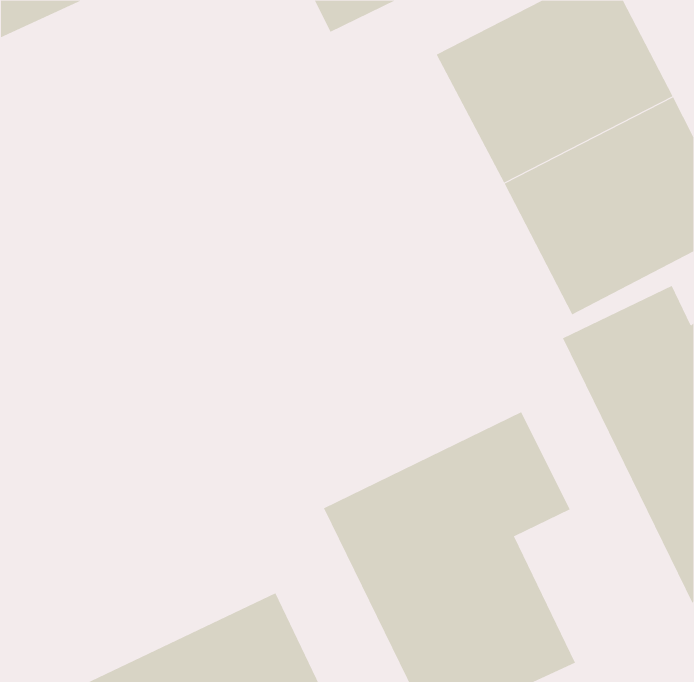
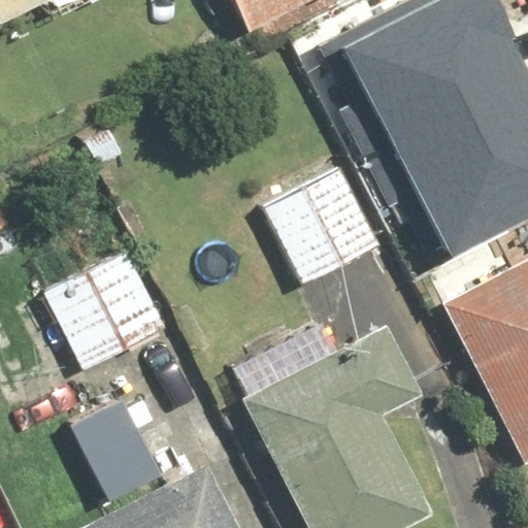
building: none -> [262,165,383,285]
building: none -> [39,245,173,365]
building: none -> [69,394,167,503]

